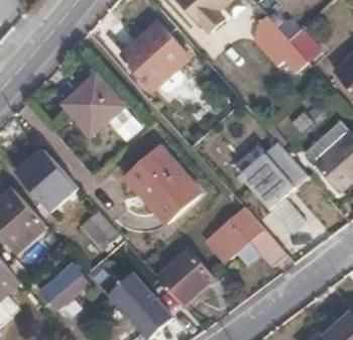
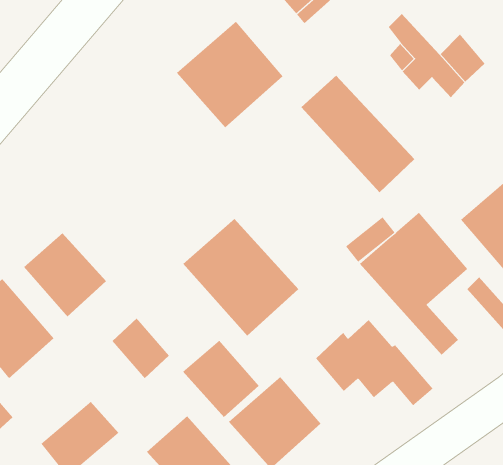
building: none -> [300,75,415,193]
building: [63,75,123,135] -> none
building: none -> [182,340,259,418]

